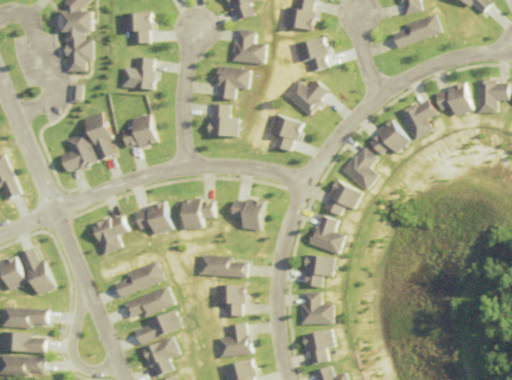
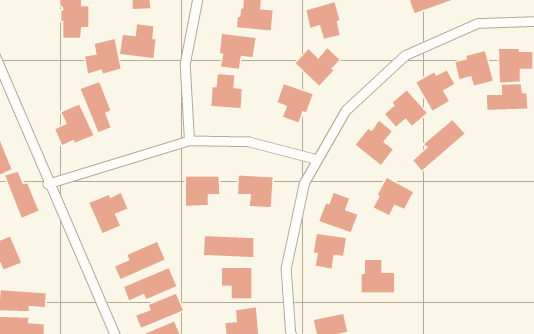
building: [121,113,156,147] -> [84,38,121,74]
building: none -> [486,83,528,111]
building: none -> [412,119,465,172]
building: [322,179,361,216] -> [372,177,414,216]
building: [133,202,172,235] -> none
building: [23,250,56,295] -> [4,171,39,219]
building: [300,292,332,324] -> [361,259,395,293]

